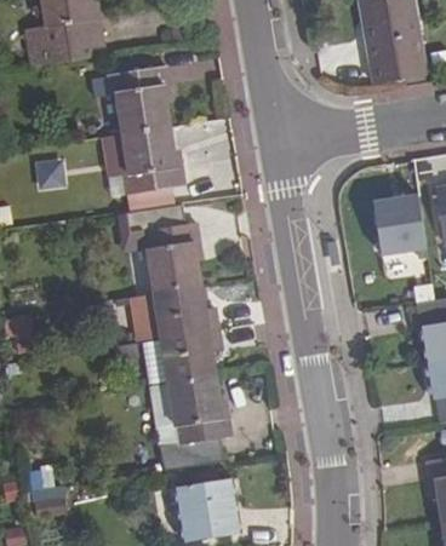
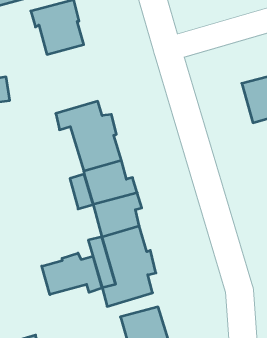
building: [121,126,183,194] -> none
building: none -> [42,253,102,295]

